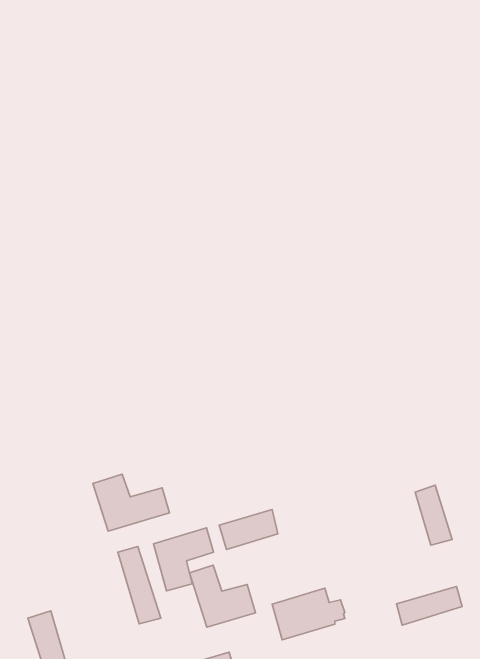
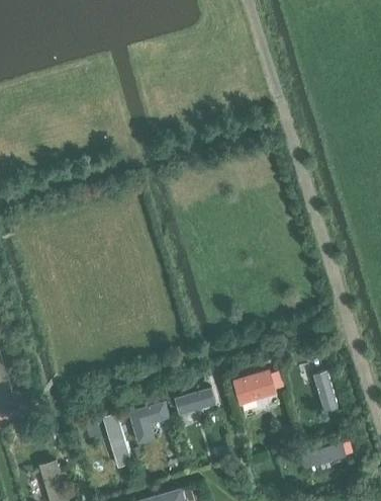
building: [93,474,170,531] -> none
building: [190,565,256,627] -> none
building: [272,588,345,640] -> [232,369,284,406]

